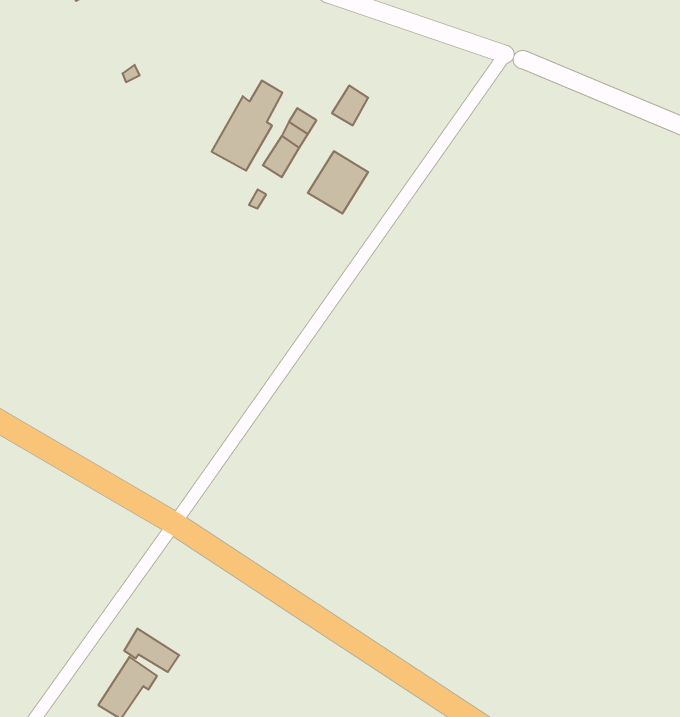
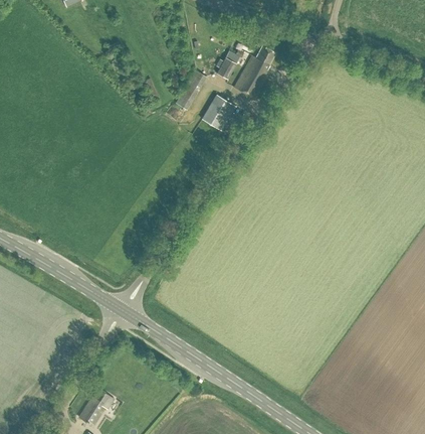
building: [212,81,282,171] -> [233,45,274,98]
building: [124,628,179,672] -> none

